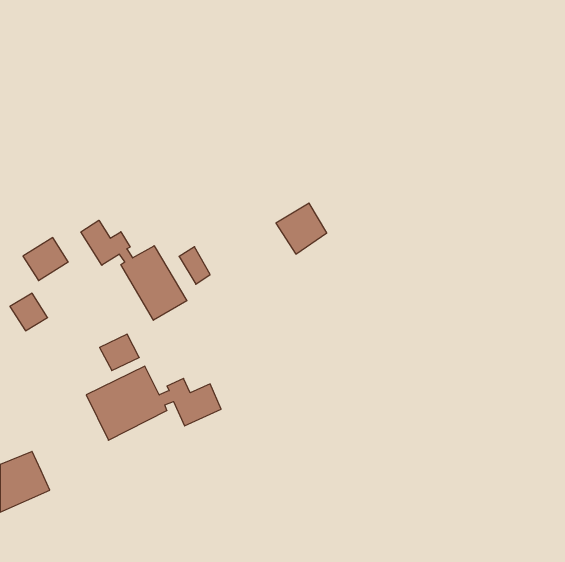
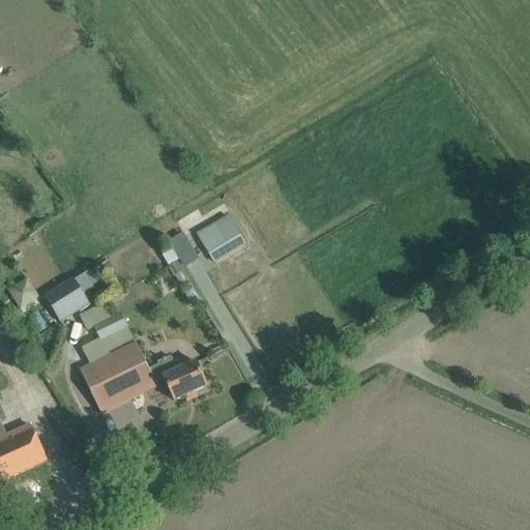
building: [276,203,327,254] -> [196,214,243,262]
building: [81,220,187,320] -> none
building: [23,238,68,281] -> [46,277,88,318]

